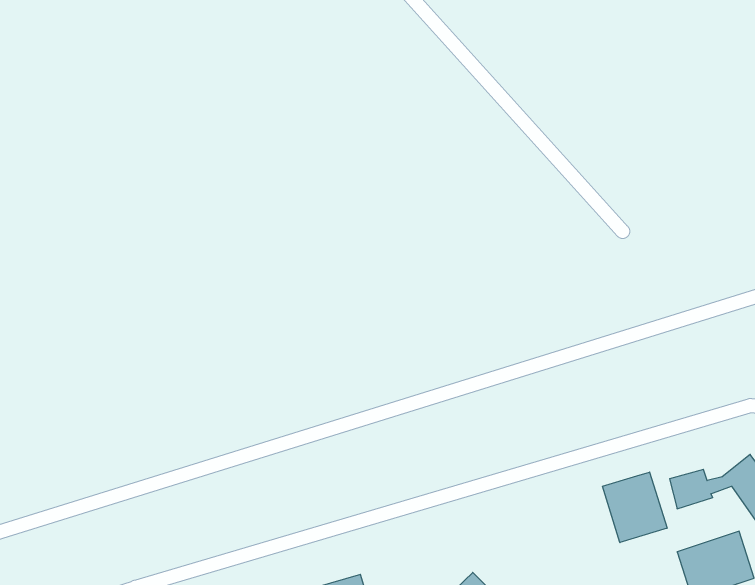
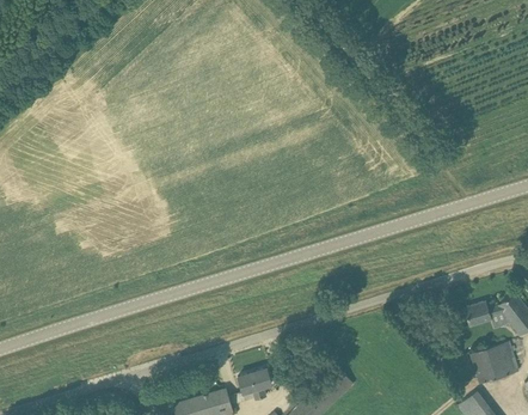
building: [602,472,667,543] -> none

